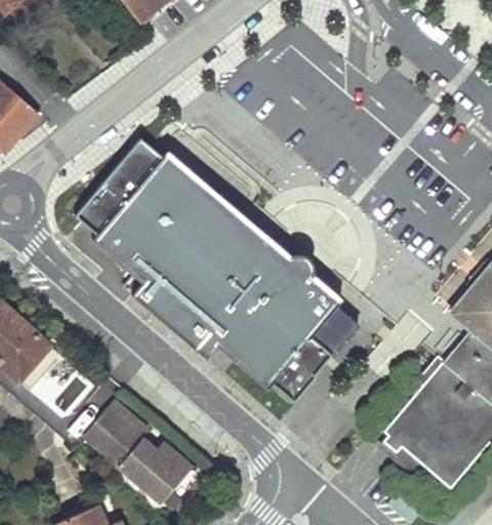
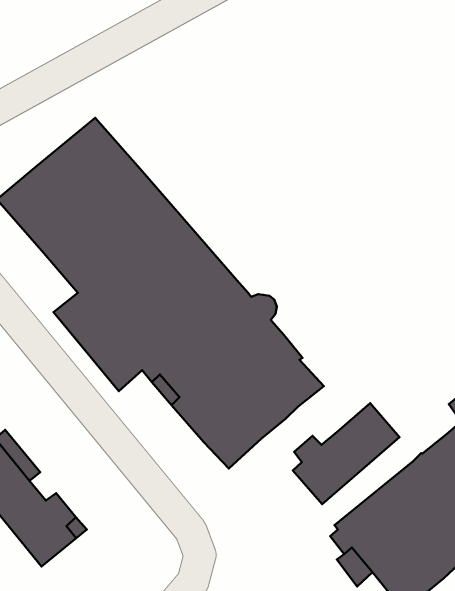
building: none -> [293,403,400,504]

